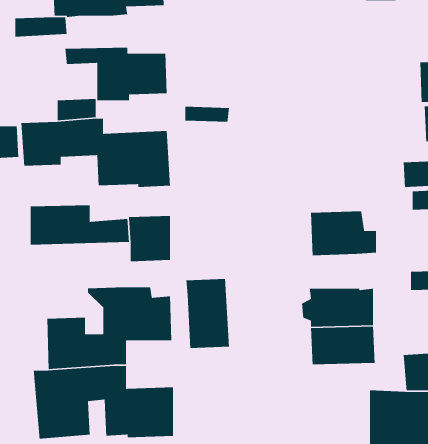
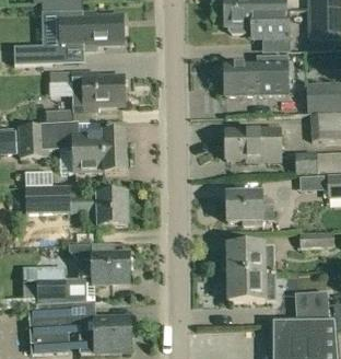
building: none -> [225,57,287,96]
building: none -> [226,128,280,162]
building: [186,278,230,349] -> none

